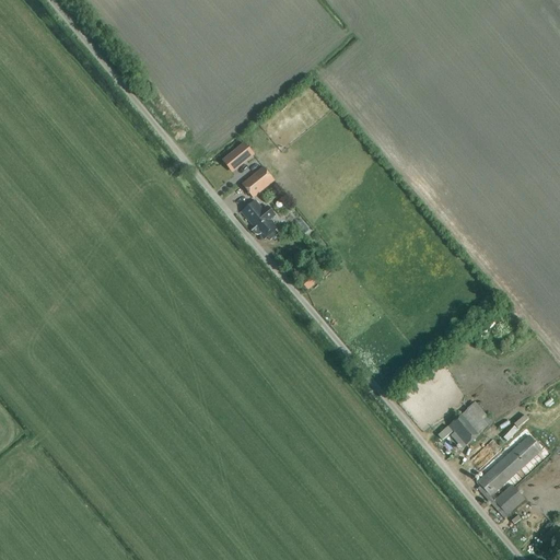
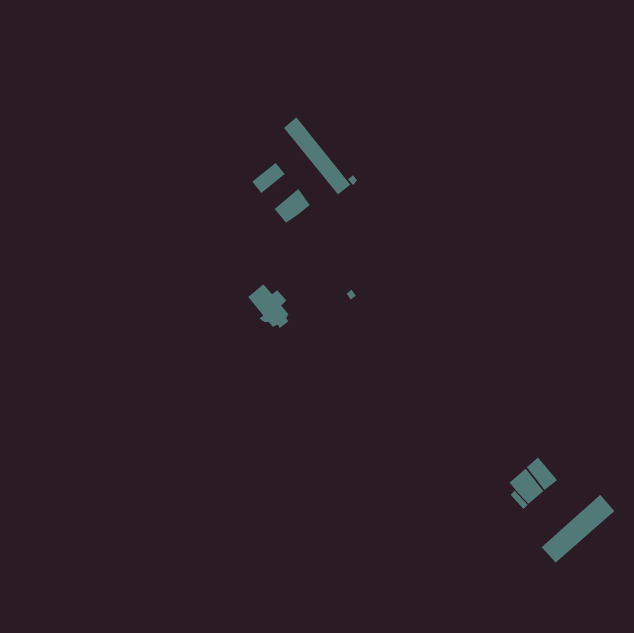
building: none -> [283,116,351,195]
building: [240,199,277,240] -> [247,283,289,329]
building: [493,483,524,514] -> none

